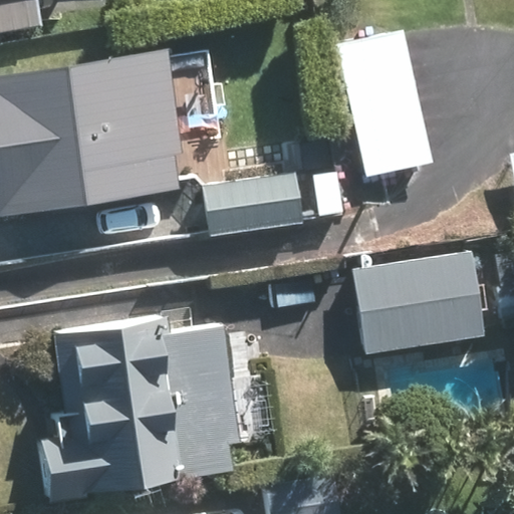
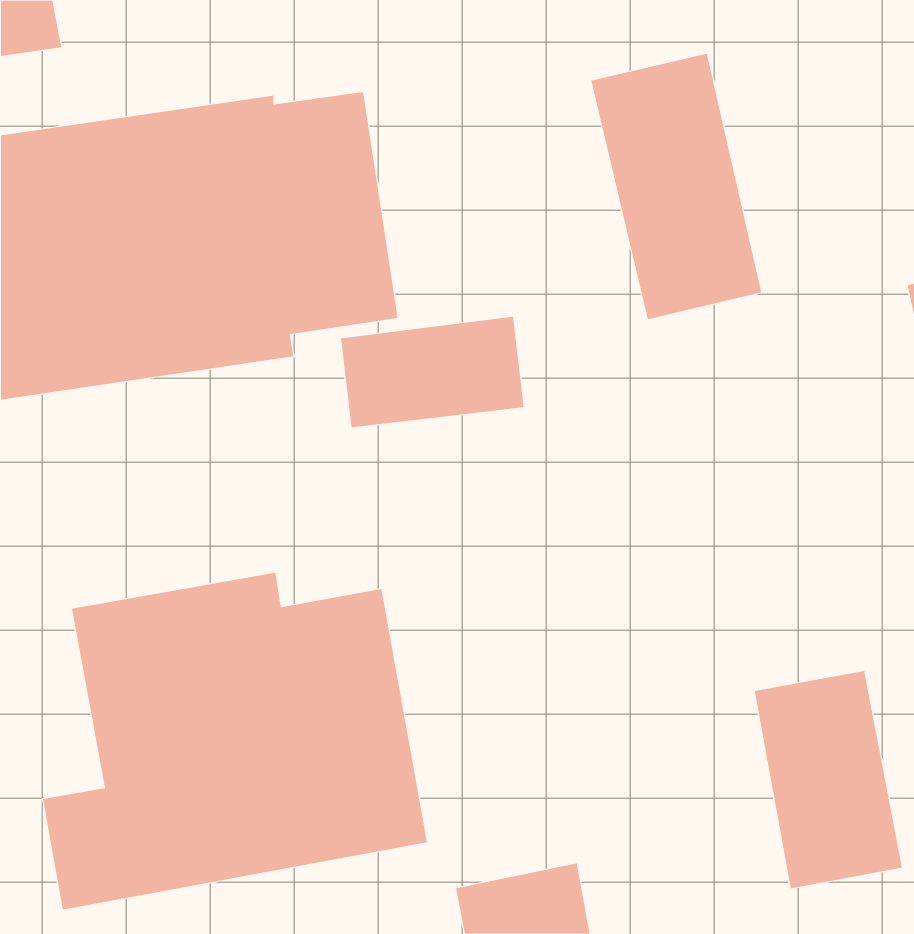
building: [347,249,487,354] -> none
building: none -> [754,670,903,889]

